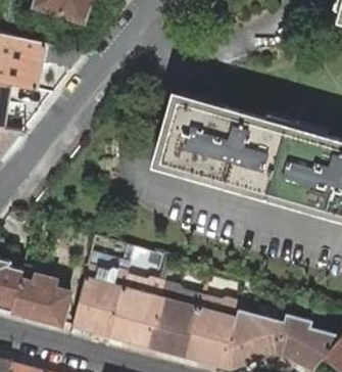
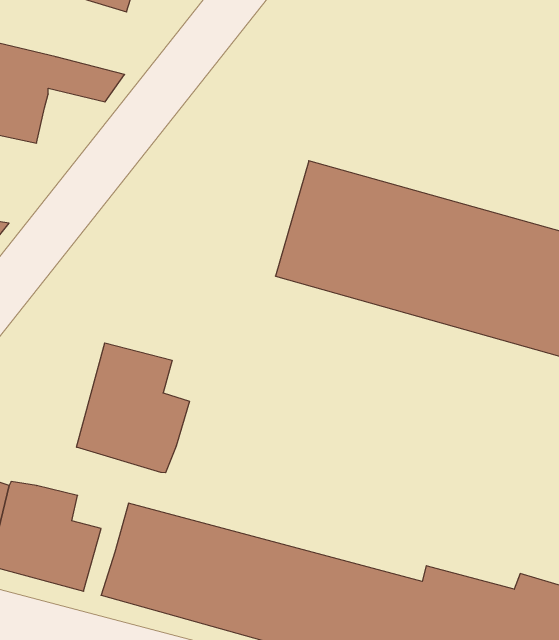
building: none -> [77,343,190,473]

